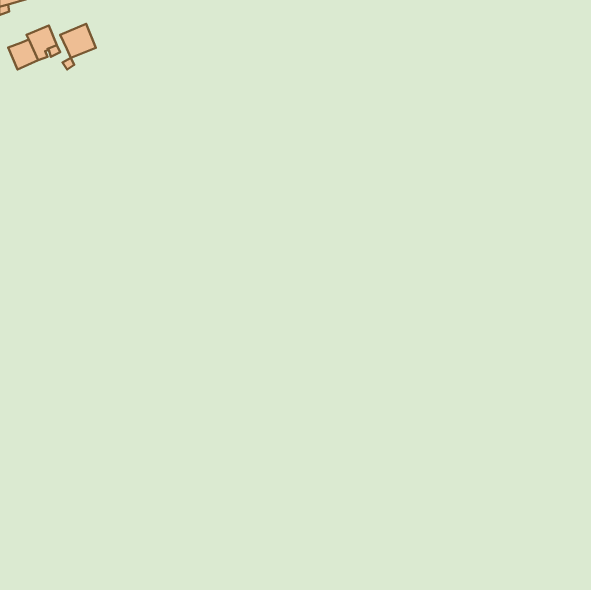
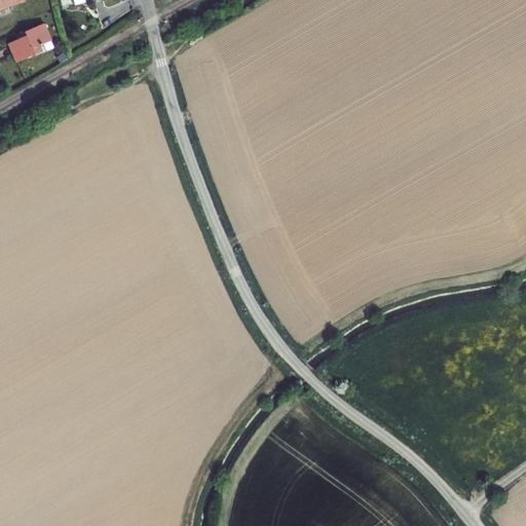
building: [60,24,96,58] -> none

